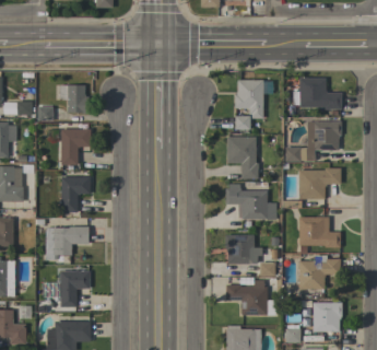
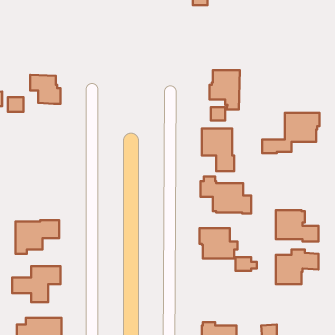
building: [293,78,342,109] -> none
building: [61,128,91,165] -> none
building: [299,167,341,199] -> none
building: [57,176,91,218] -> none
building: [226,280,268,315] -> none
building: [314,302,342,331] -> none

